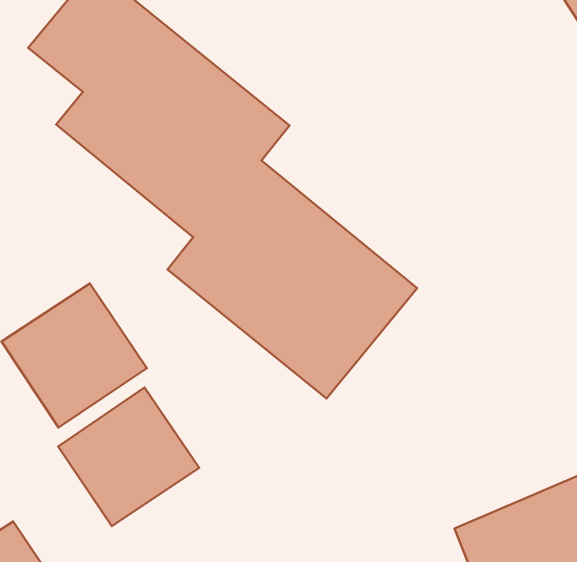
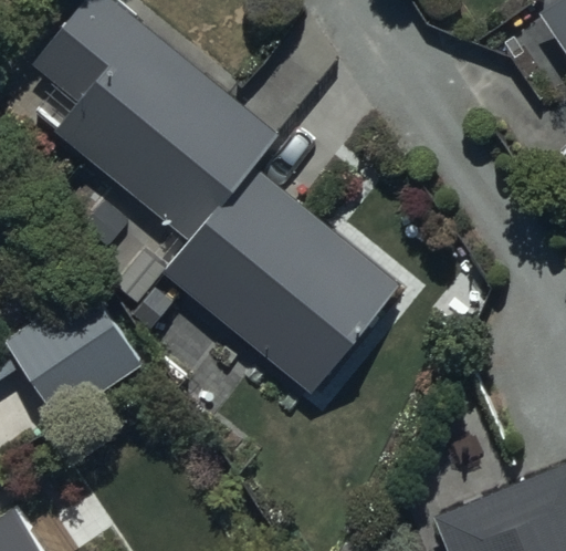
building: [58,387,199,526] -> none

